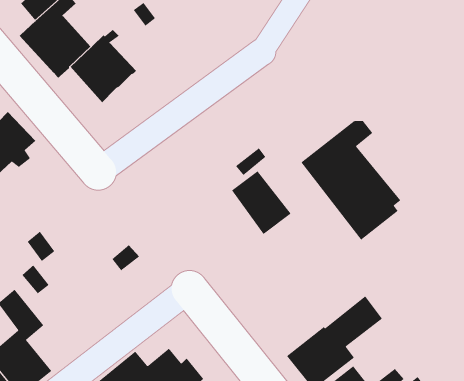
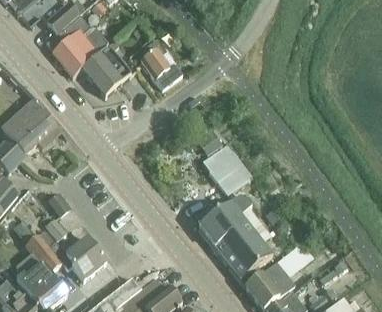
building: none -> [143,36,185,86]
building: [300,121,401,240] -> [197,194,272,283]
building: none -> [39,226,106,279]

